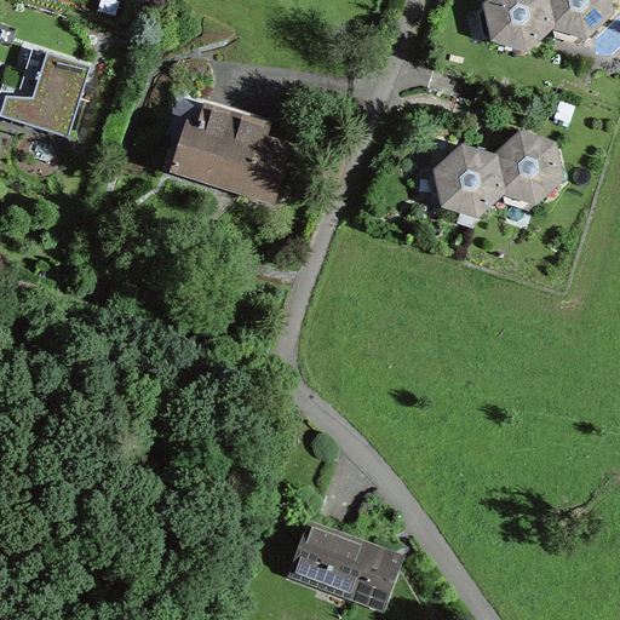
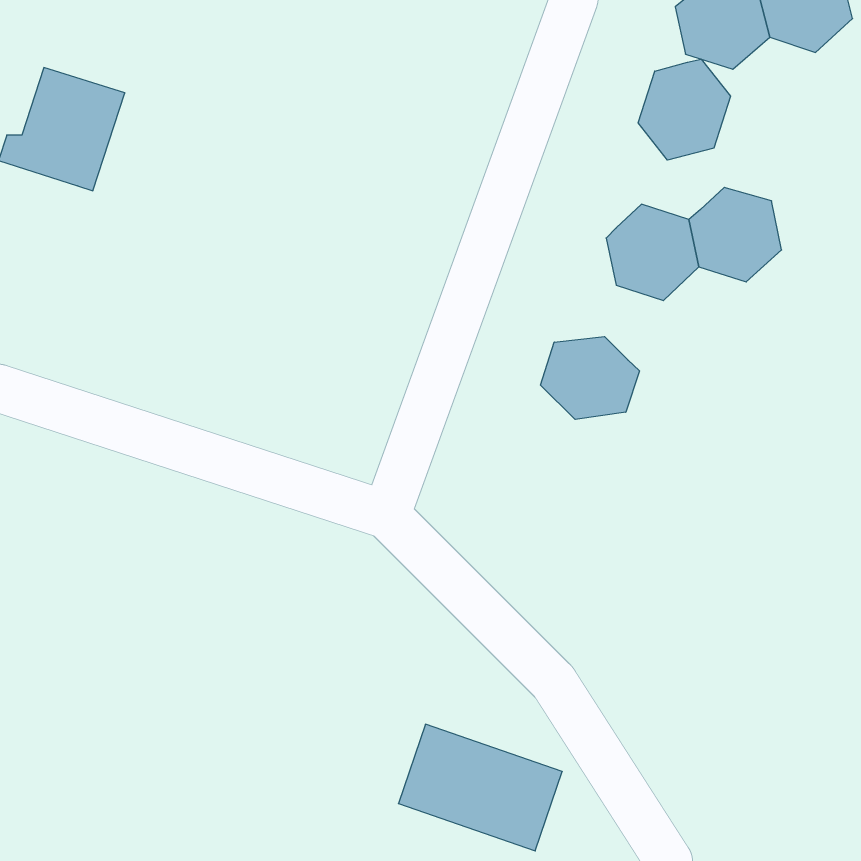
building: none -> [638,59,731,160]
building: [172,108,291,200] -> none
building: none -> [540,337,639,419]

